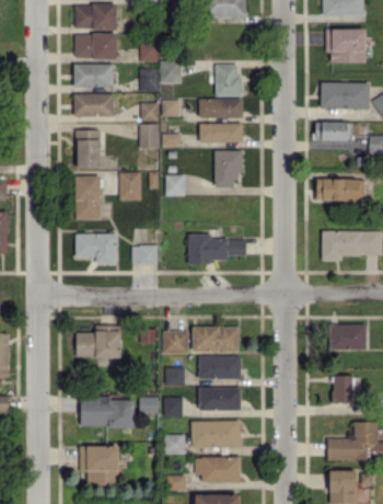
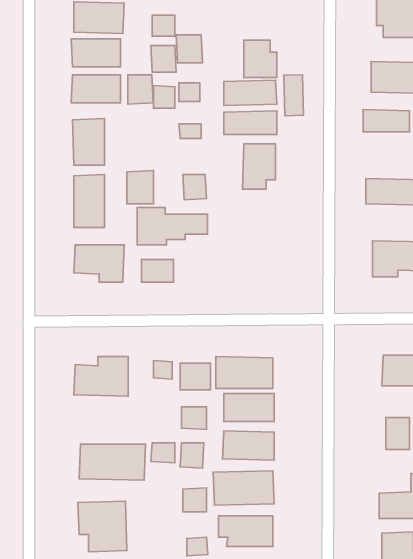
building: none -> [284,75,303,116]
building: [139,124,160,148] -> [128,75,153,104]
building: [188,233,246,264] -> [137,208,208,245]

